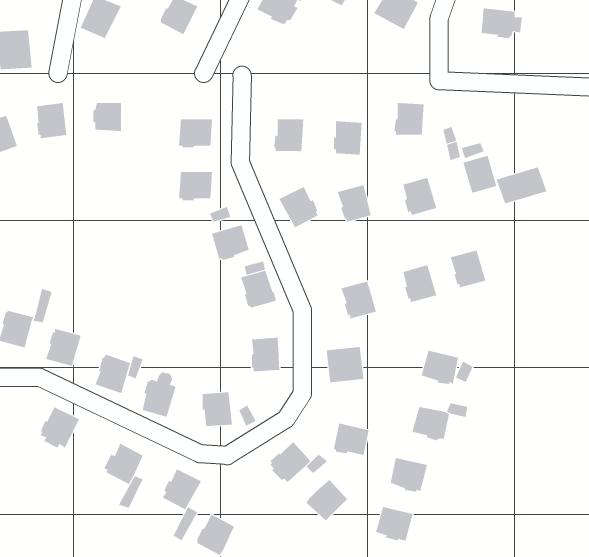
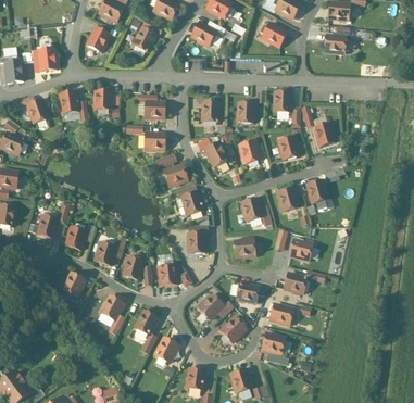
building: [496,167,547,204] -> none

